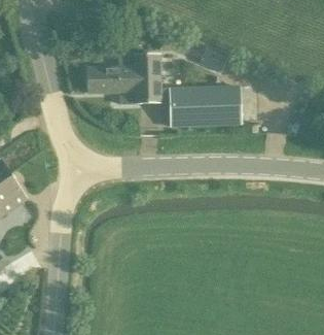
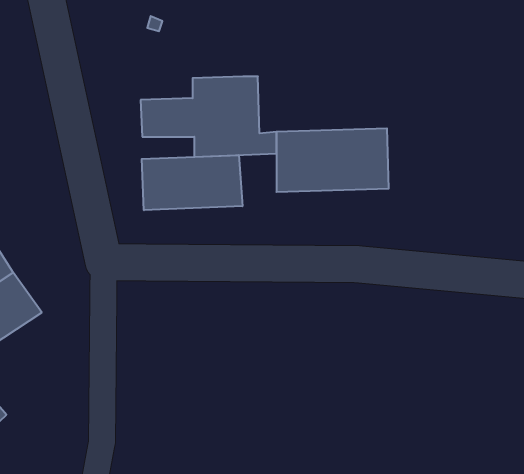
building: none -> [142,155,242,210]

